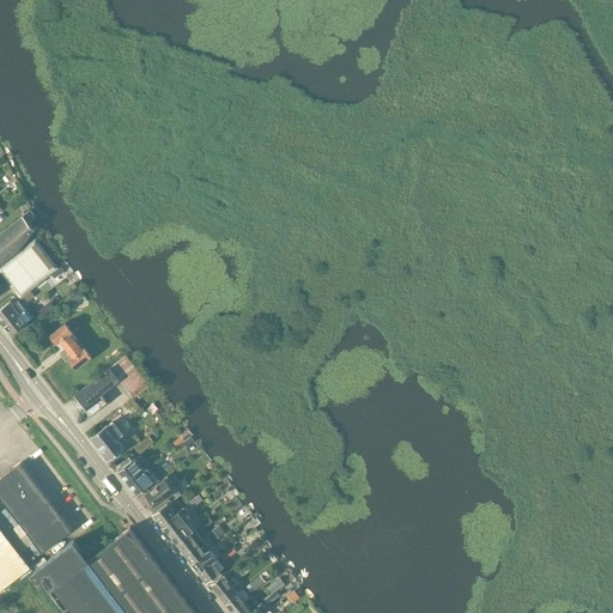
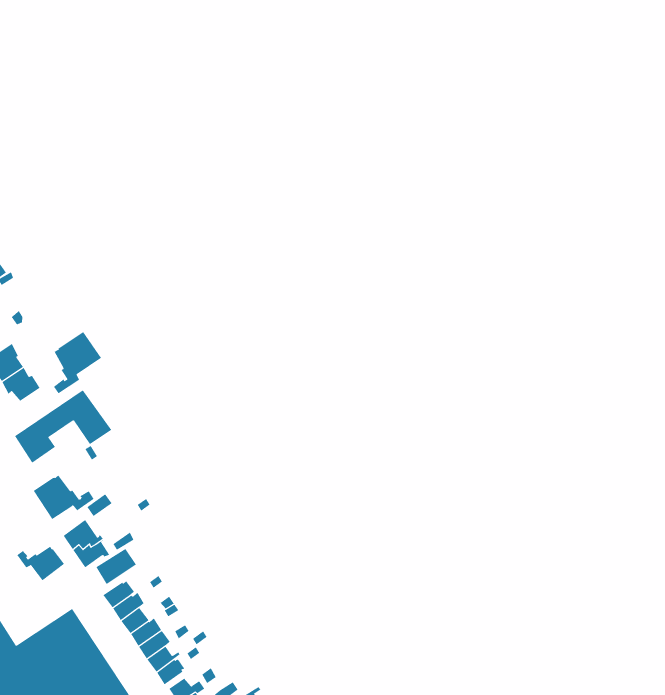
building: none -> [53,331,102,394]
building: none -> [17,546,65,581]

